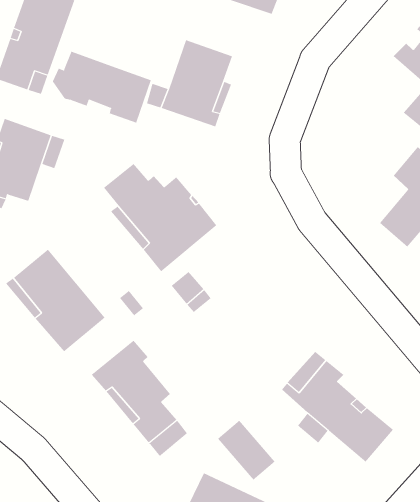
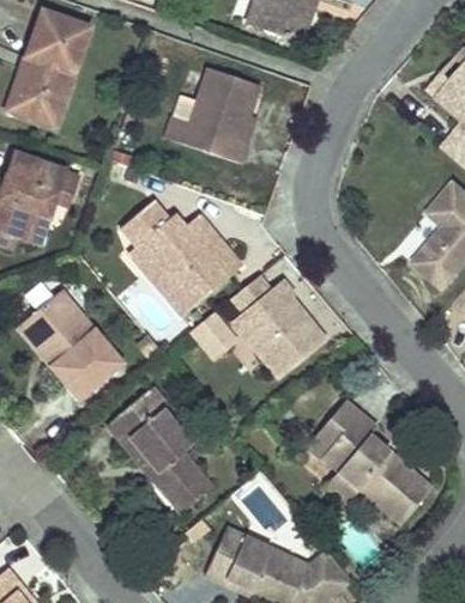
building: [52,51,152,123] -> none
building: none -> [230,275,327,378]

